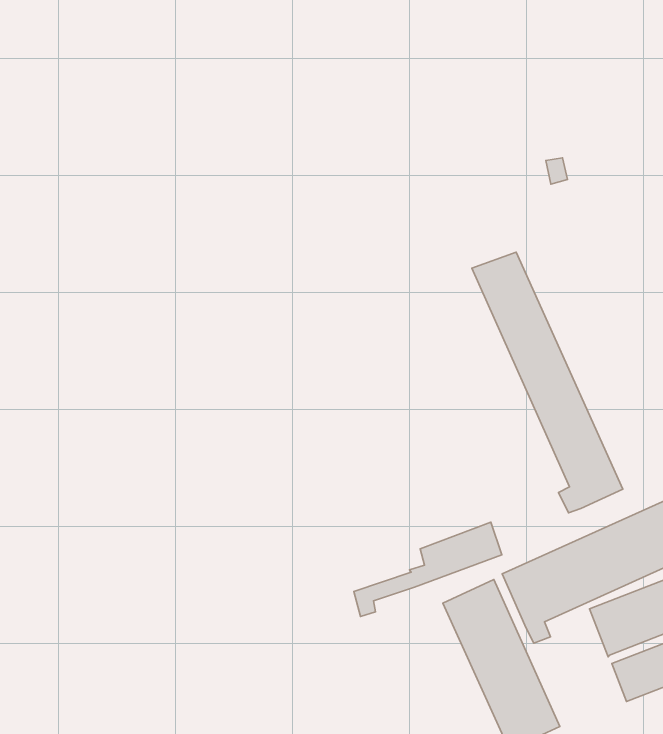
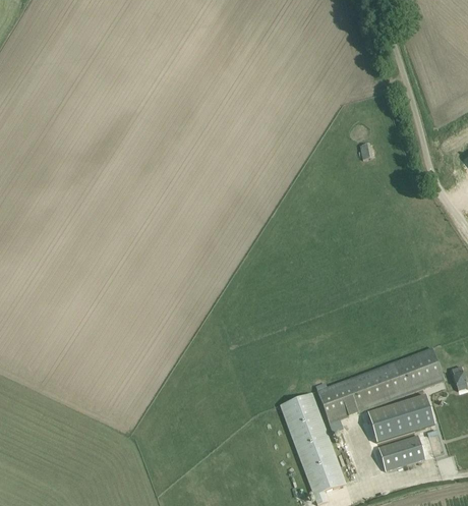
building: [472,252,623,513] -> none
building: [354,522,502,617] -> none

